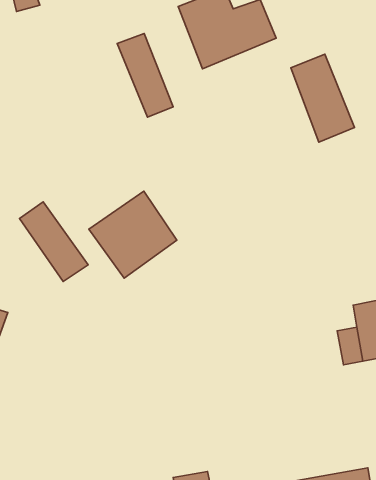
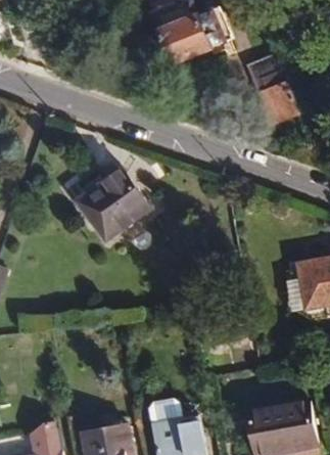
building: [117,33,173,117] -> none
building: [20,202,88,281] -> none

